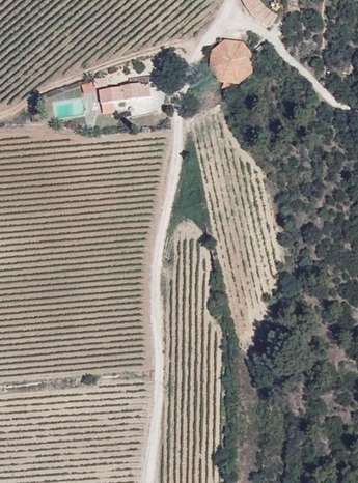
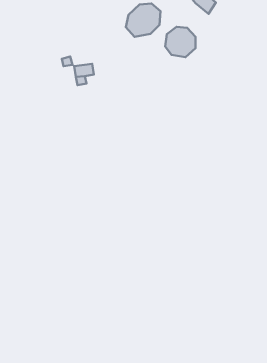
building: none -> [126,3,161,37]
building: [120,83,149,101] -> none

